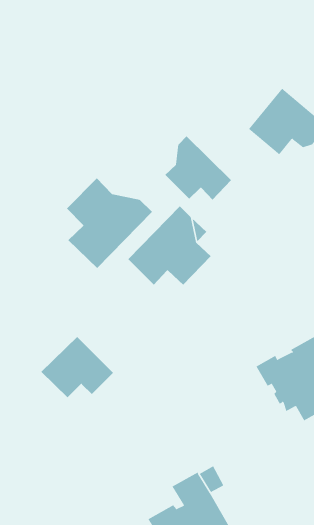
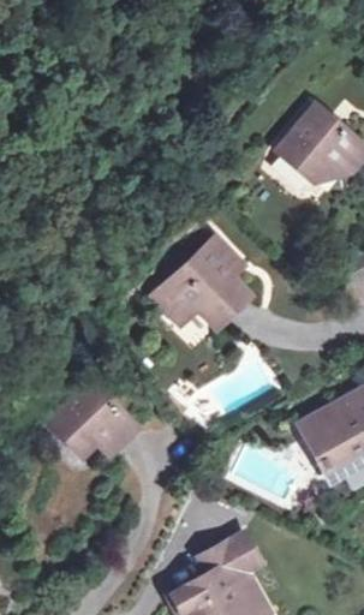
building: [164,135,232,200] -> none
building: [66,178,153,269] -> none

